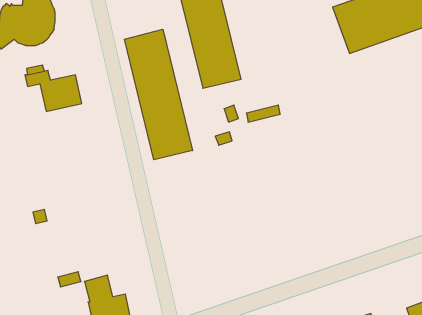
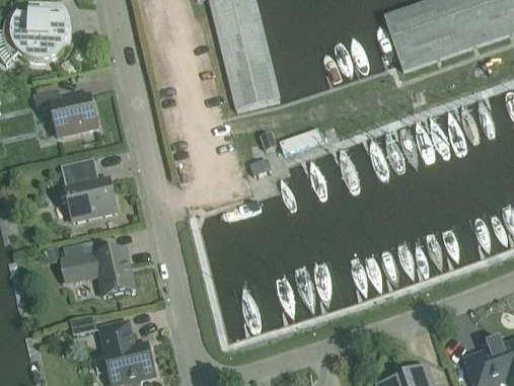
building: [124,29,193,160] -> none
building: none -> [60,158,117,221]
building: none -> [63,238,134,296]

